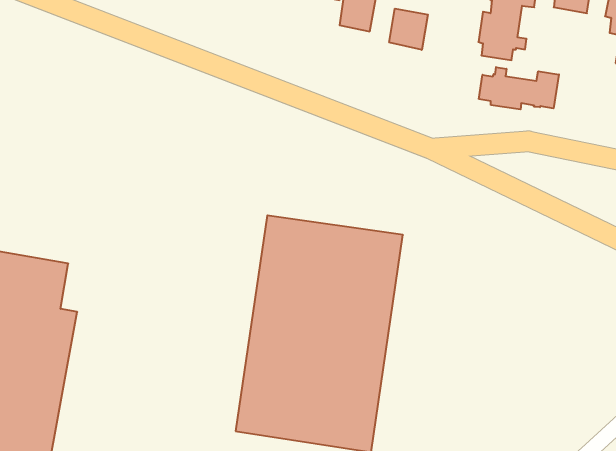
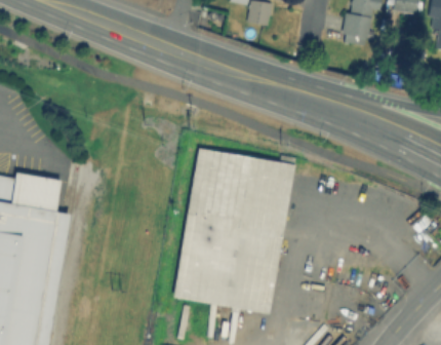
building: [389,9,428,50] -> none
building: [479,67,559,109] -> none

